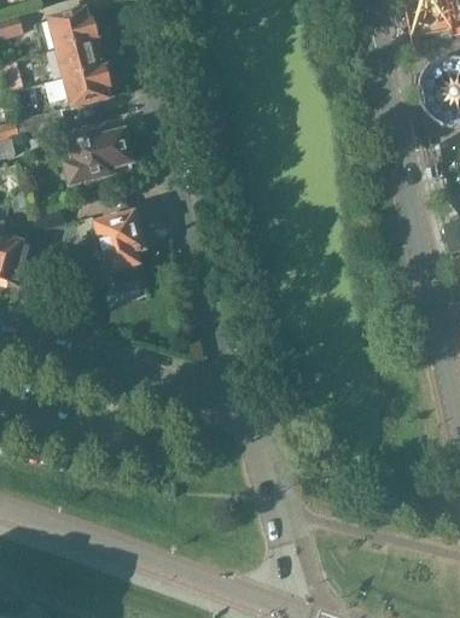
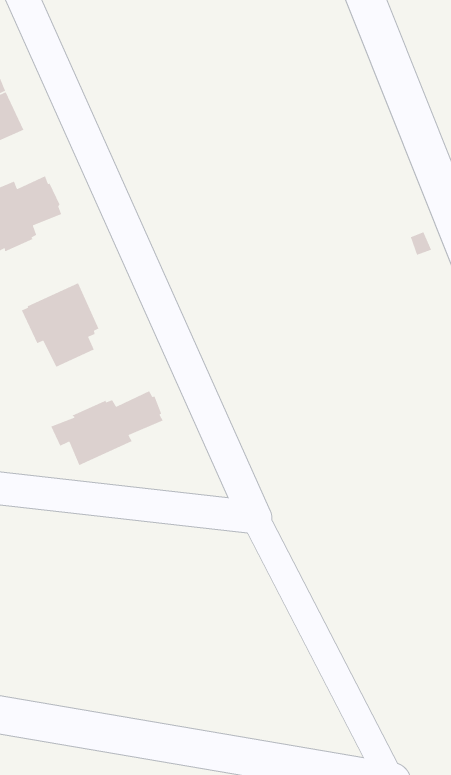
building: none -> [50,390,164,466]

